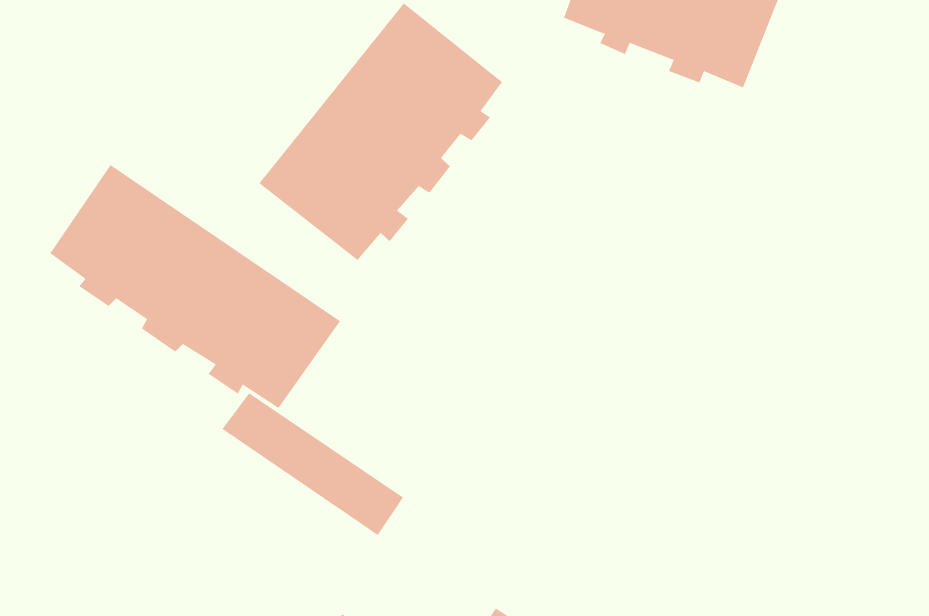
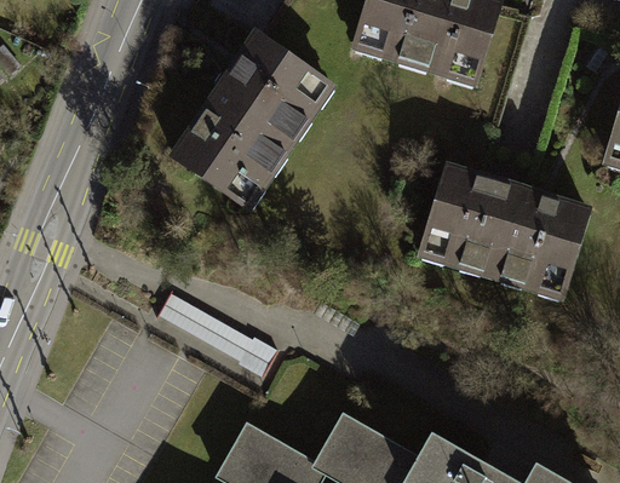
building: [50,164,341,409] -> none
building: none -> [424,171,585,291]

